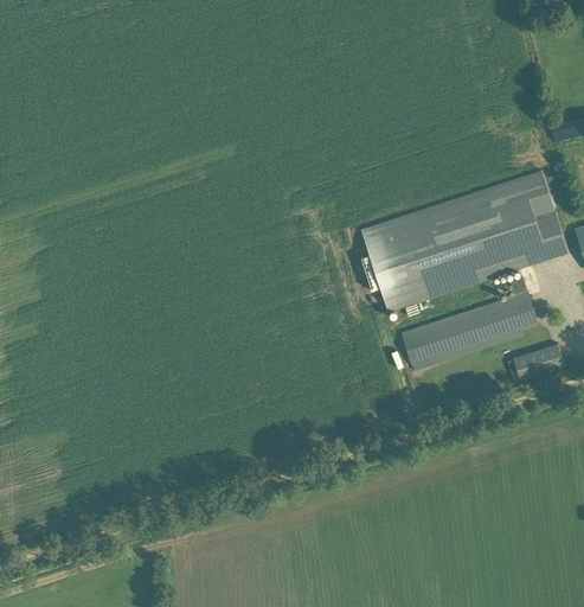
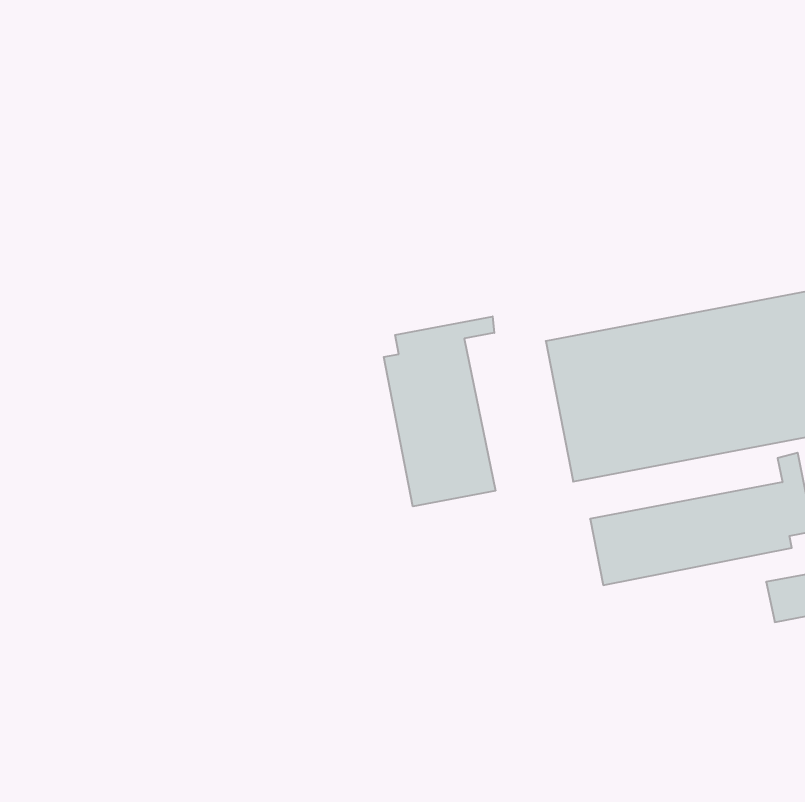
building: none -> [384,316,495,506]

